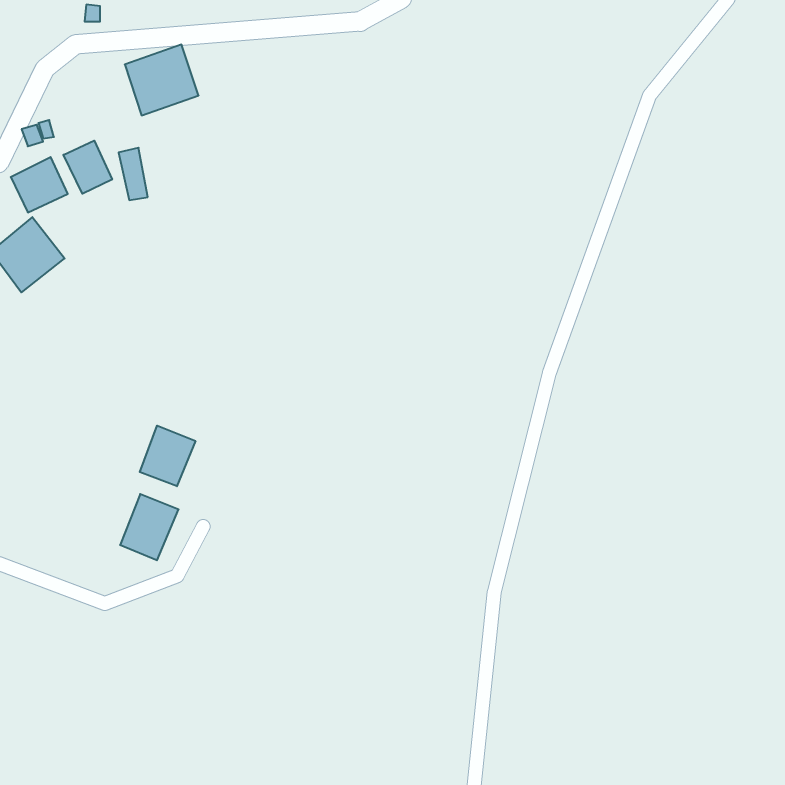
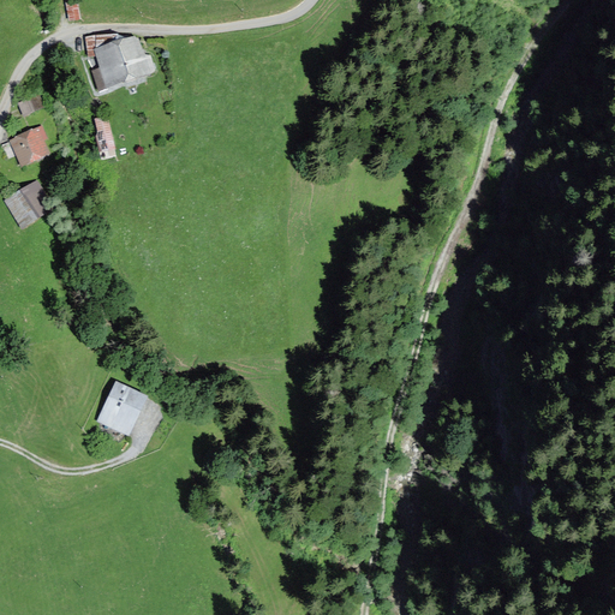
building: [63,141,112,194] -> none
building: [140,426,195,486] -> none

